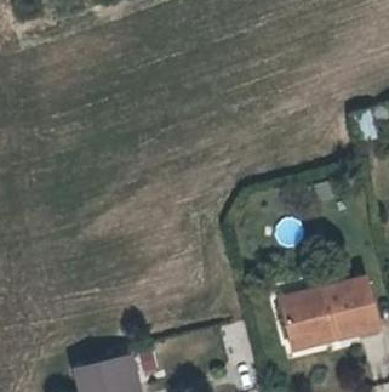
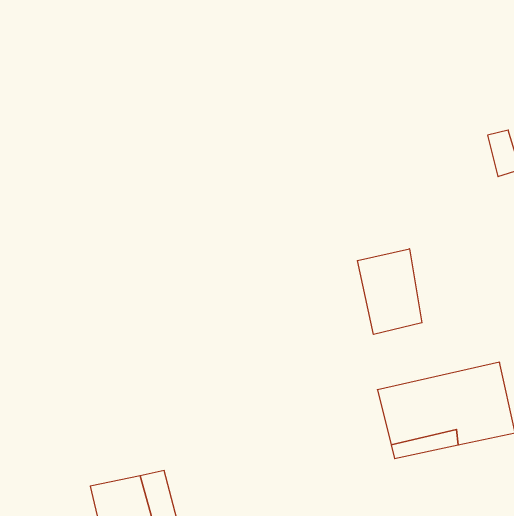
building: none -> [357,249,422,334]

